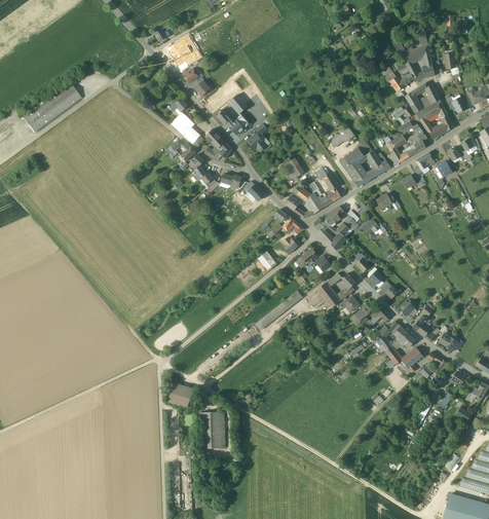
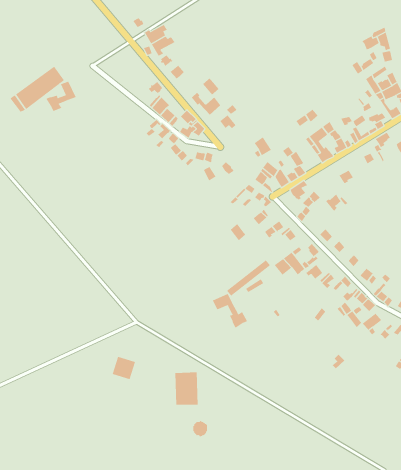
building: none -> [46,81,77,112]
building: none -> [212,293,248,329]
building: [167,381,193,407] -> [112,356,136,380]

